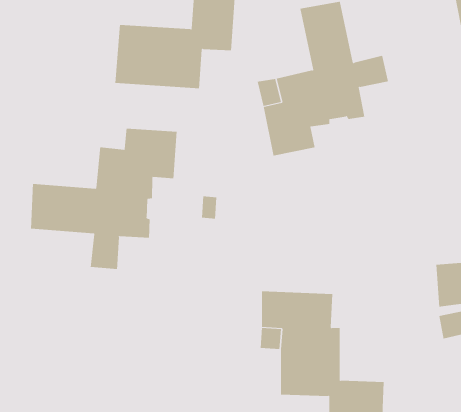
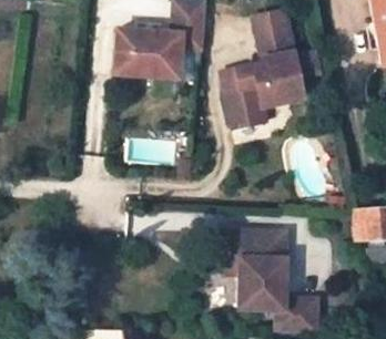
building: [30,128,177,270] -> none

